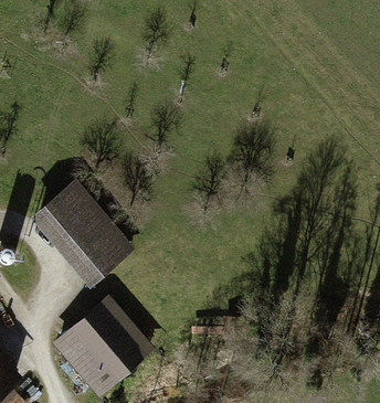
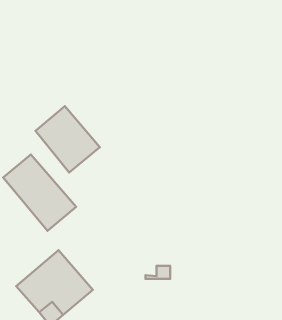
building: none -> [35,106,100,173]

